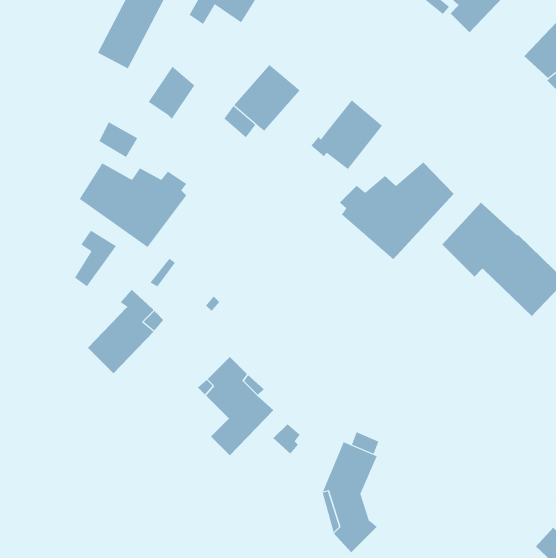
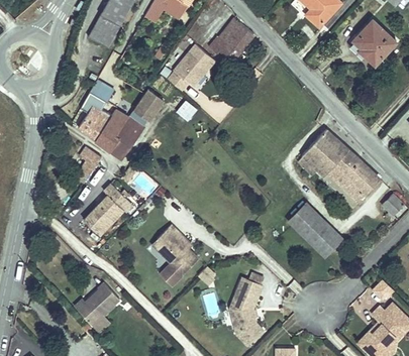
building: [148,66,195,120] -> [132,89,162,122]
building: [311,99,383,170] -> [208,18,252,62]
building: [339,162,454,260] -> none
building: none -> [288,204,341,256]
building: none -> [74,282,119,327]

